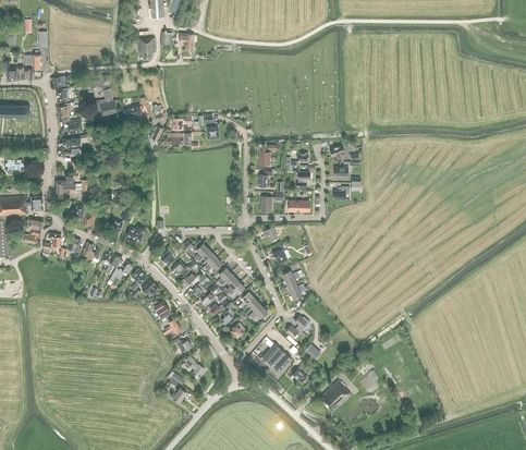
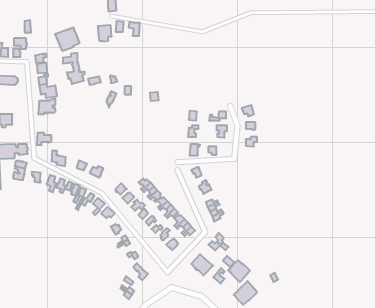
building: none -> [55,27,79,51]
building: none -> [228,260,250,282]

